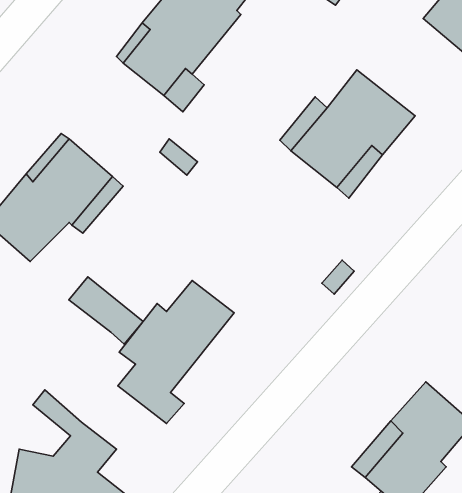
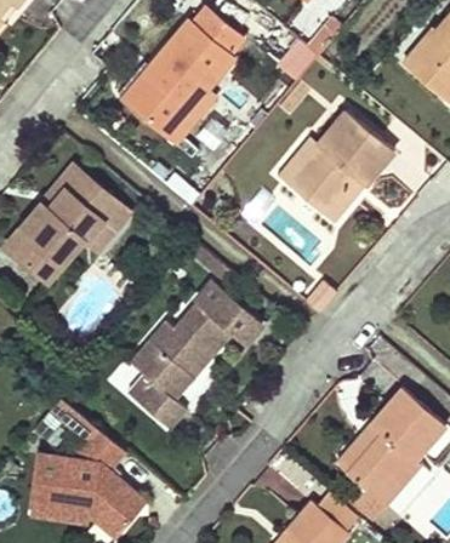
building: [69,277,143,344] -> [194,278,261,338]

